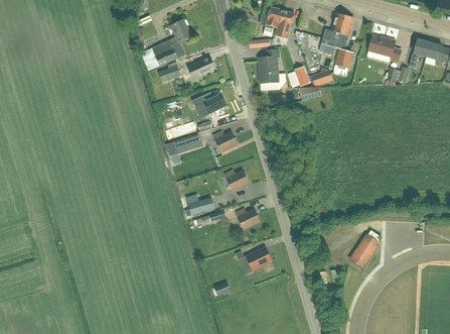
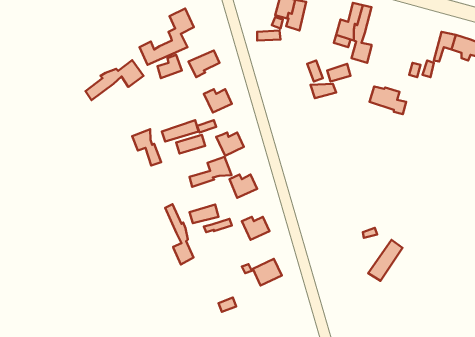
building: [368,36,402,62] -> [370,86,406,114]
building: [258,49,279,84] -> none
building: none -> [86,60,143,100]
building: none -> [132,129,161,165]
building: none -> [189,157,231,187]
building: none -> [165,204,193,265]

